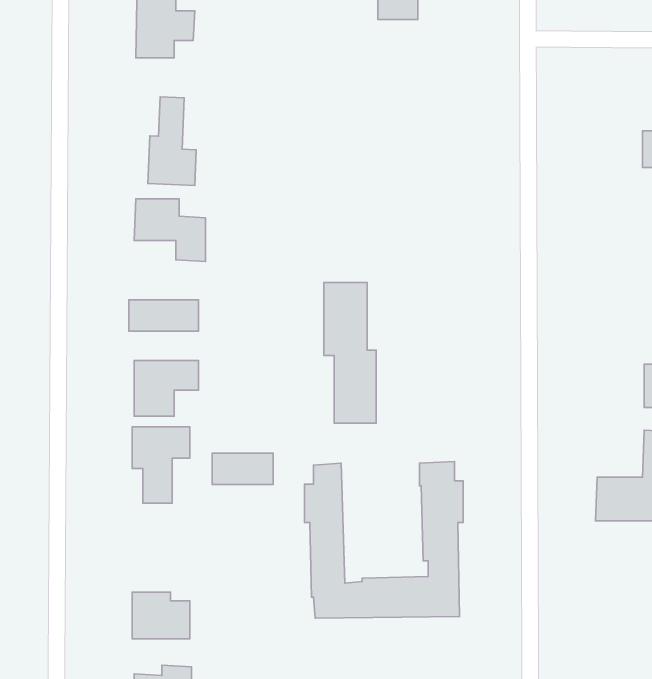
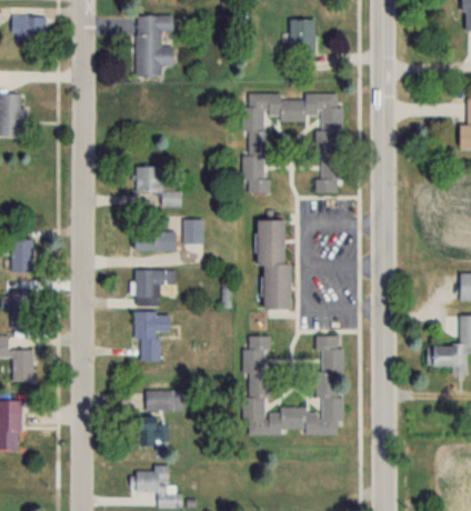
building: none -> [242,92,343,194]
building: [148,97,196,185] -> none
building: none -> [182,219,203,244]
building: [212,453,273,485] -> [146,391,184,411]

